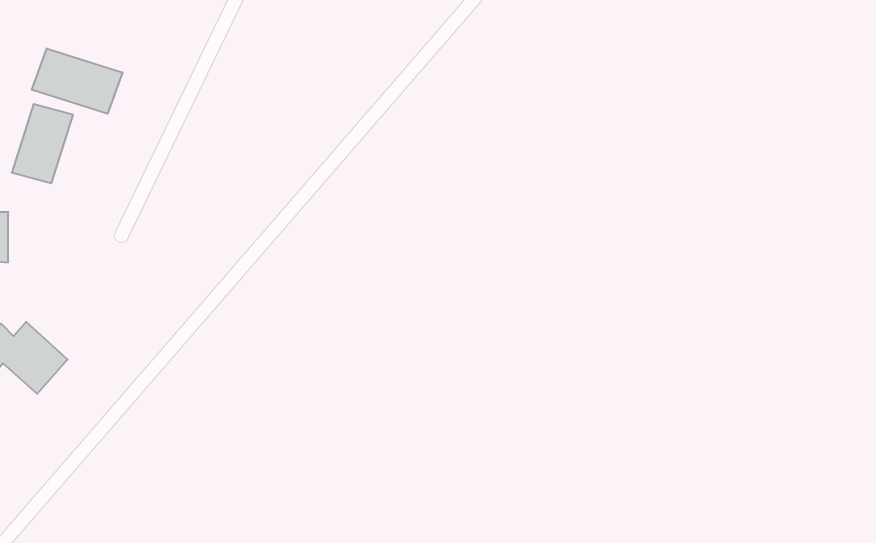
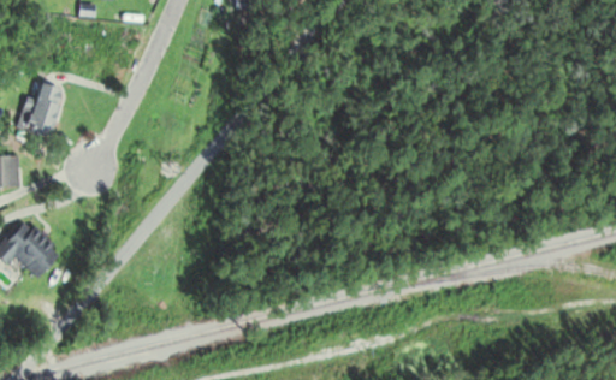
building: [32,48,123,114] -> none

